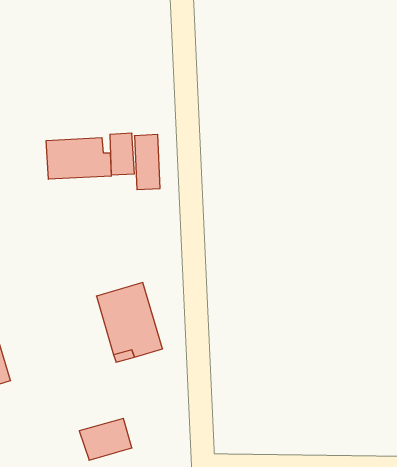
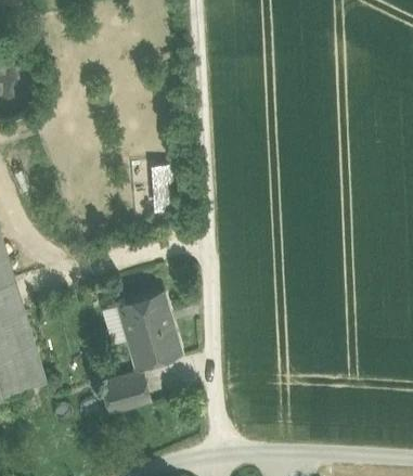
building: [46,138,111,179] -> none
building: [79,419,132,460] -> [102,376,149,413]

